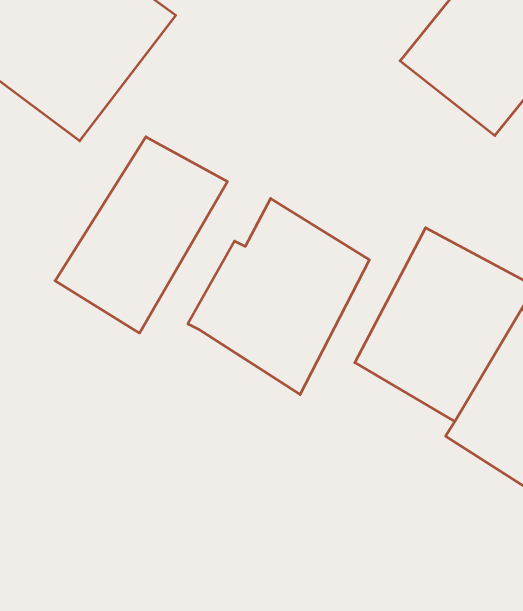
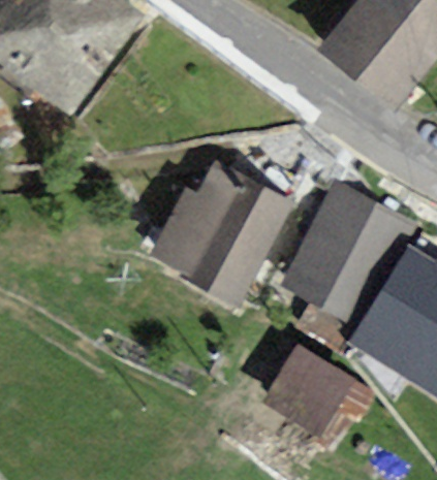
building: [55,137,227,333] -> none
building: none -> [260,343,353,437]

